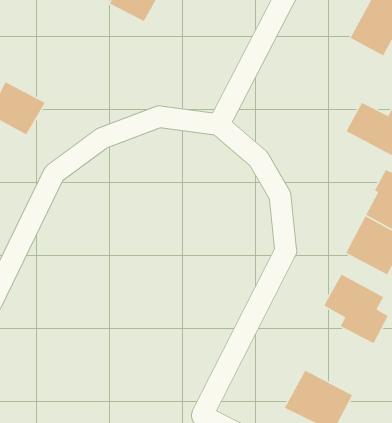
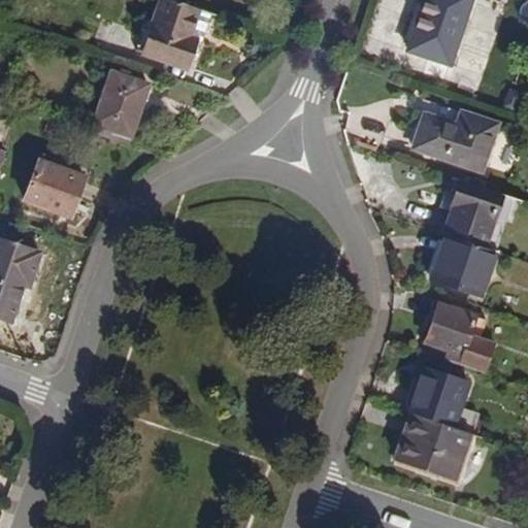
building: none -> [106,78,162,144]
building: none -> [407,367,467,429]

